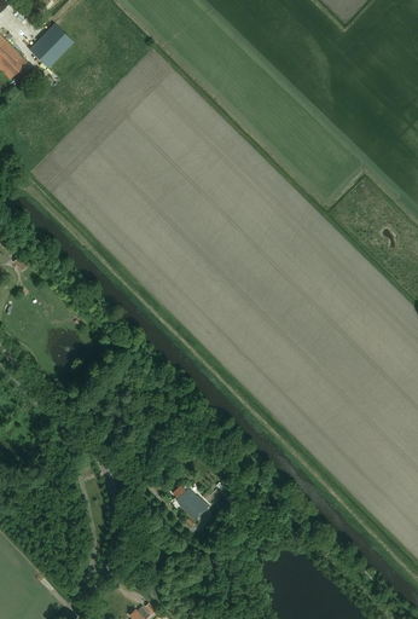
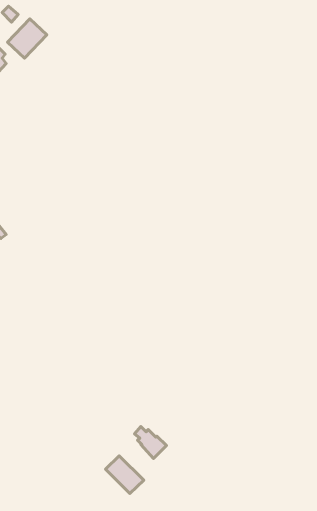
building: none -> [105,456,144,494]

